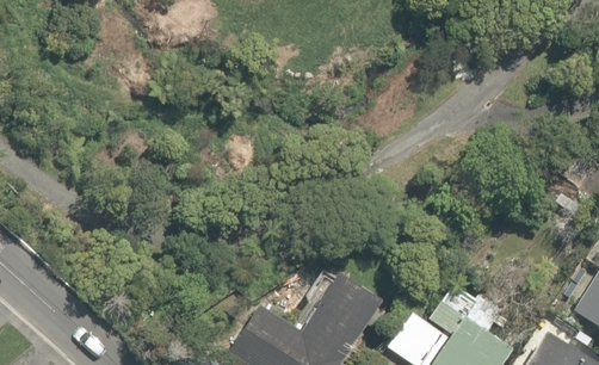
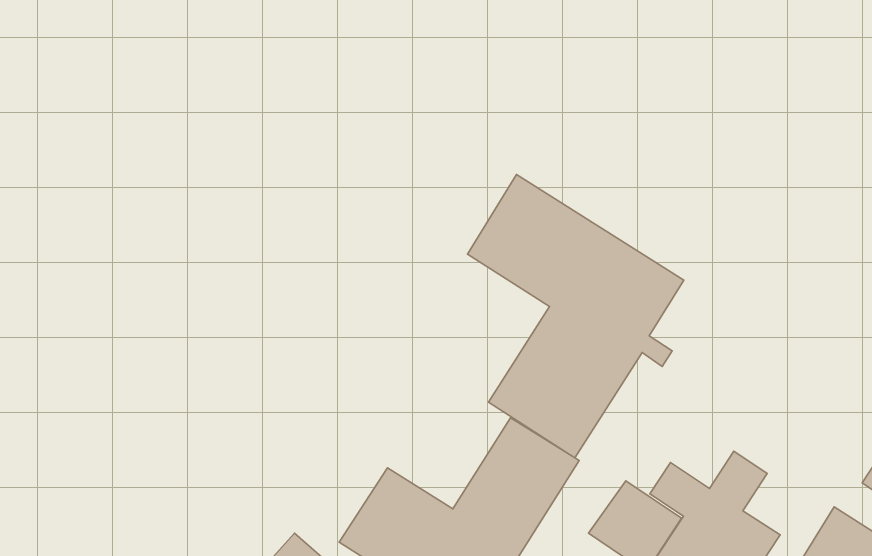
building: none -> [467,174,684,458]

